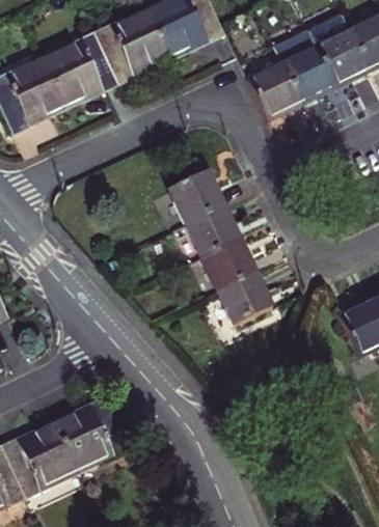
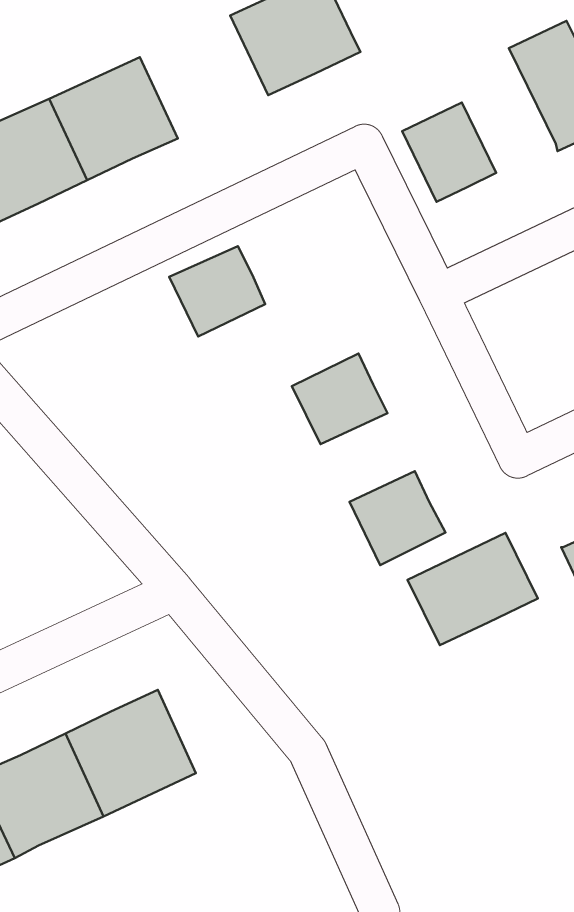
building: [97,9,170,80] -> none
building: [275,28,335,100] -> none
building: [167,170,222,222] -> [169,246,265,337]
building: [200,238,254,288] -> none
building: none -> [407,533,538,645]

